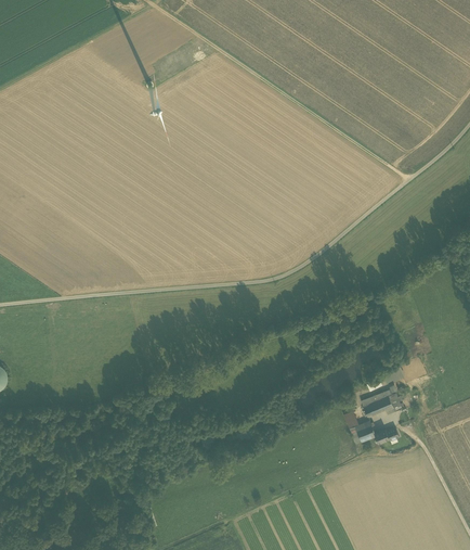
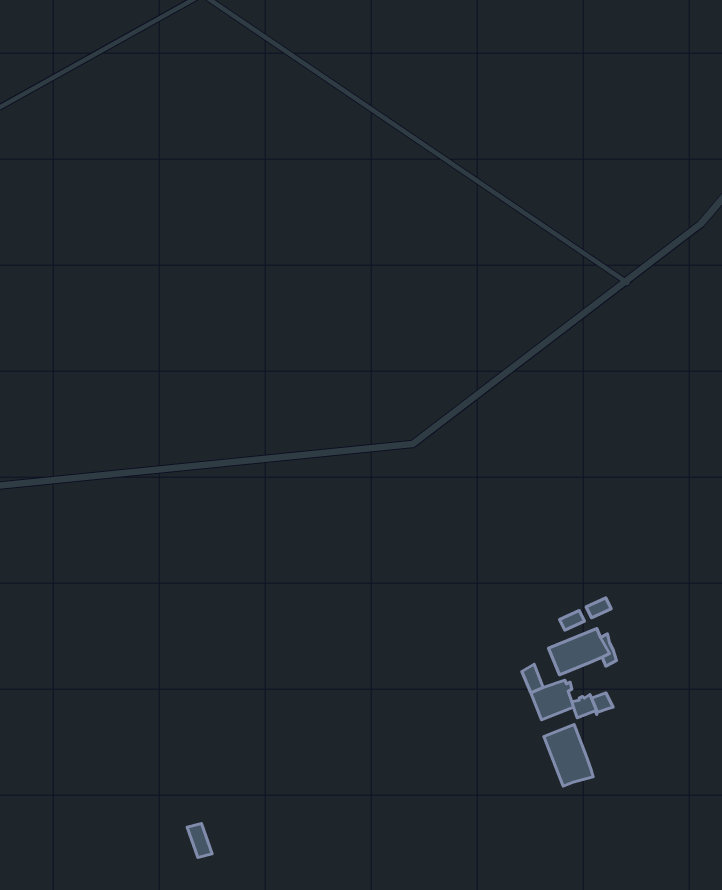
building: none -> [544,725,593,786]

